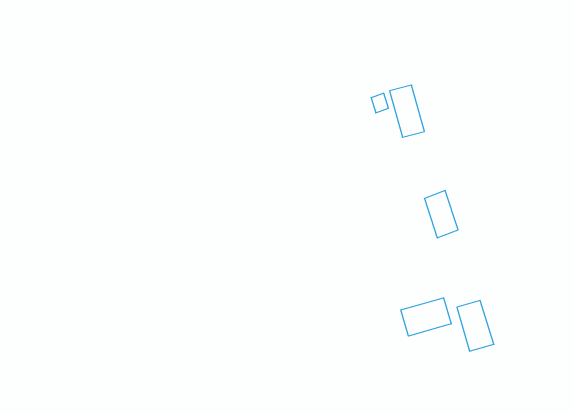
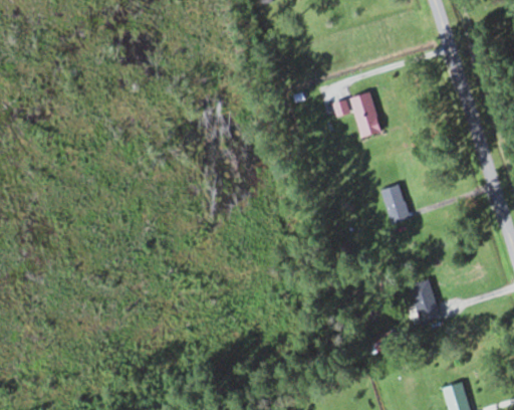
building: [401,298,451,336] -> none

